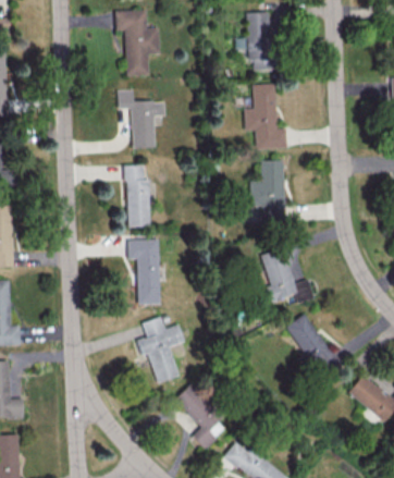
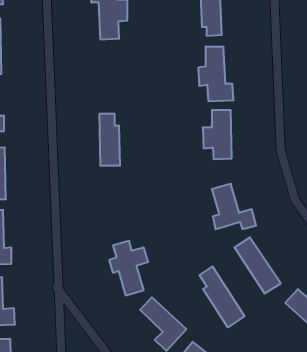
building: [118,89,165,147] -> none
building: [128,238,161,304] -> none
building: none -> [199,266,245,327]

